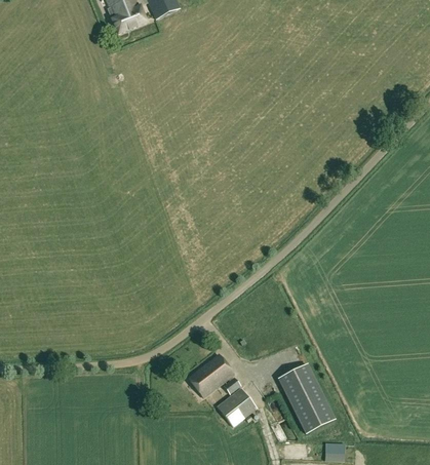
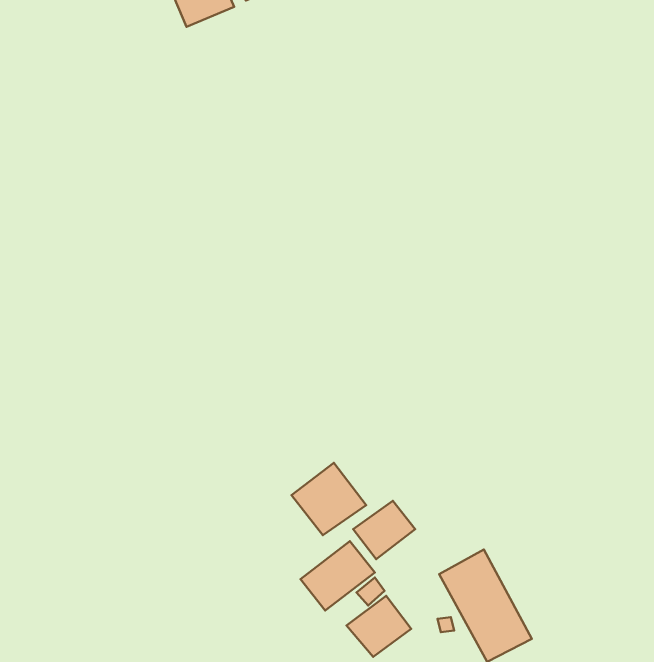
building: none -> [292,463,366,535]
building: none -> [353,501,415,559]

